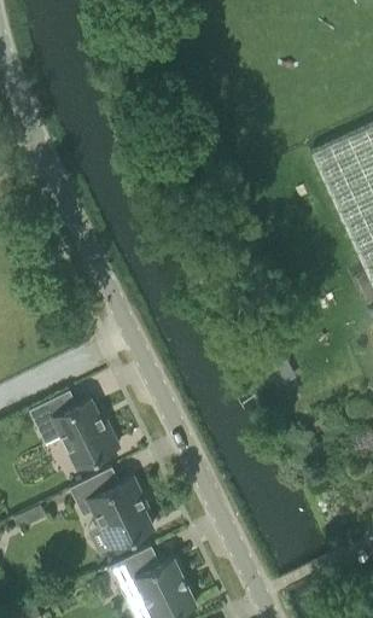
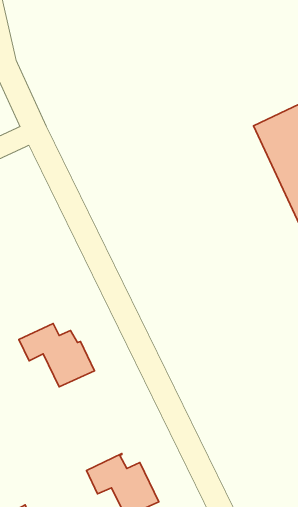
building: [70,468,153,550] -> none

